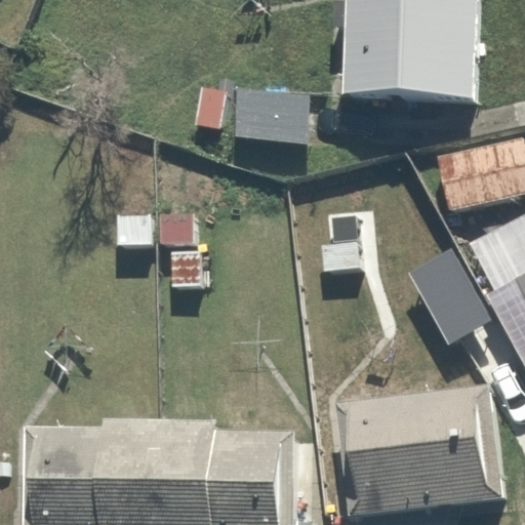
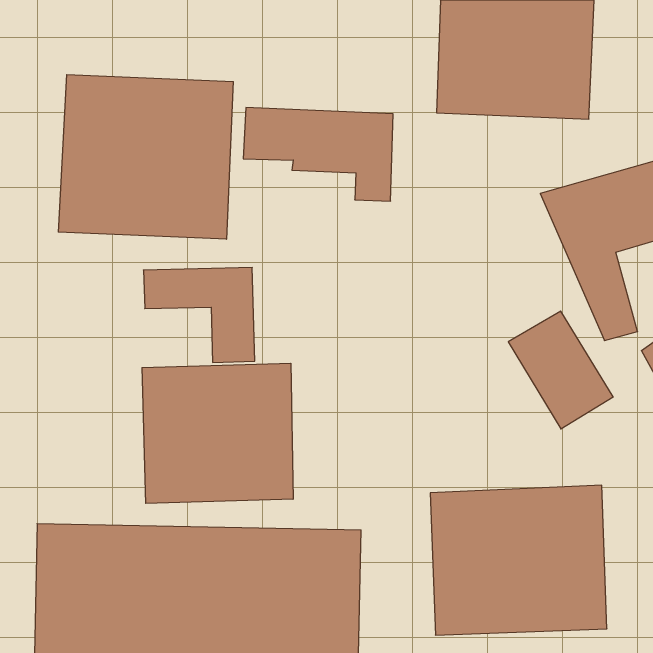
building: none -> [58,75,233,239]
building: none -> [142,363,293,503]

